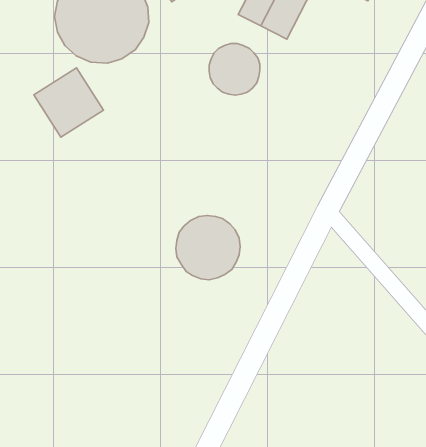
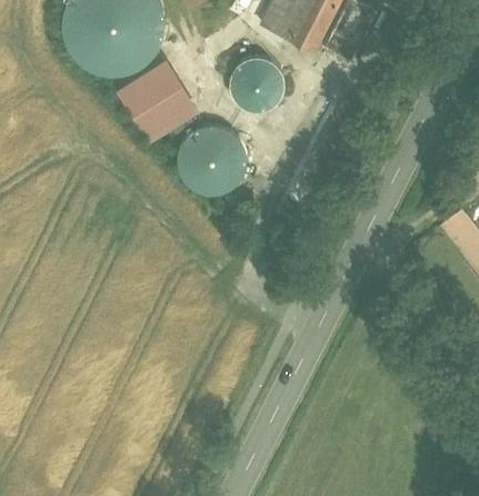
building: [34,68,103,137] -> [119,62,193,137]
building: [176,215,240,280] -> [177,125,246,194]

